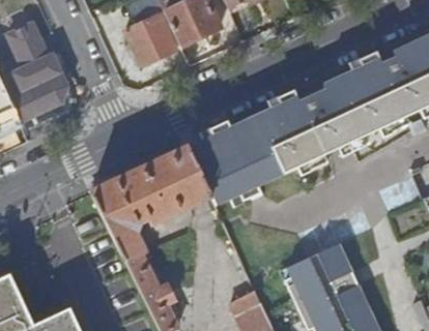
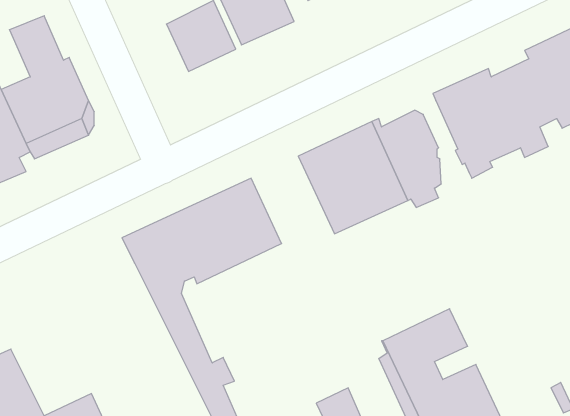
building: [310,88,350,150] -> none
building: [188,129,250,204] -> none

